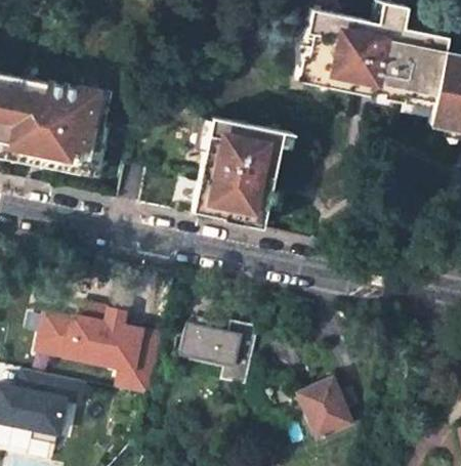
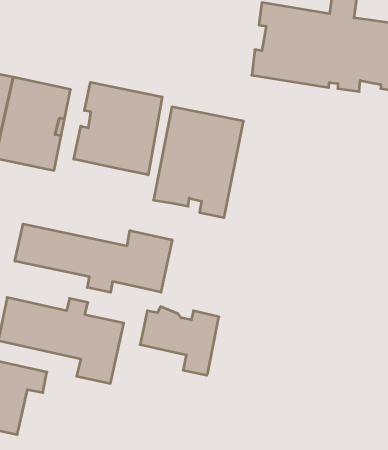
building: none -> [74,82,162,175]
building: none -> [15,224,172,292]
building: [297,376,350,436] -> none

